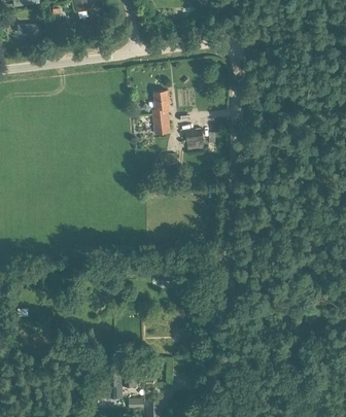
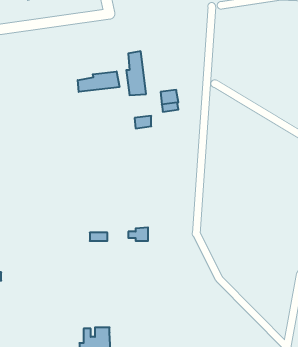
building: none -> [78,71,119,92]

